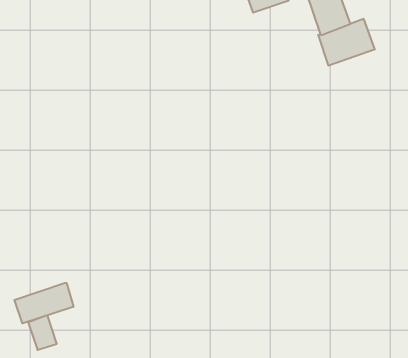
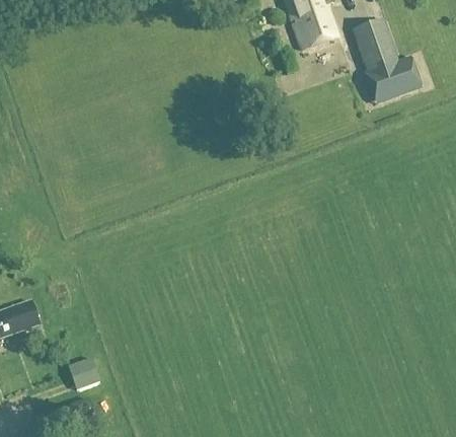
building: [14,283,73,323] -> none

